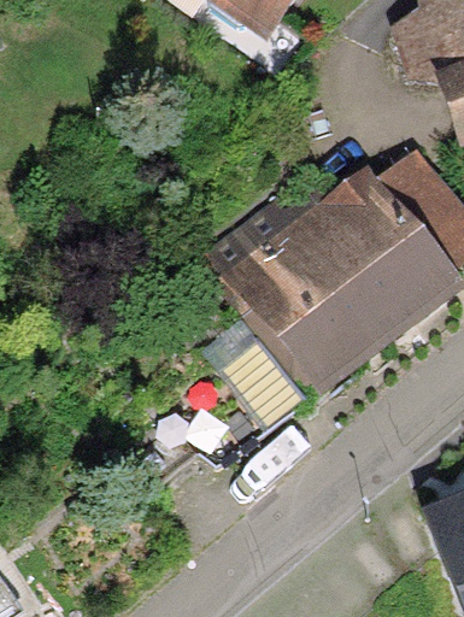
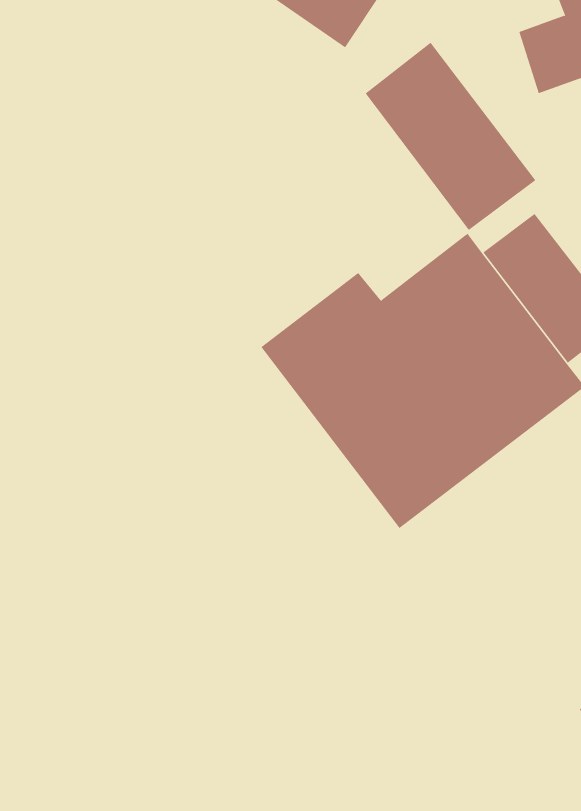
building: none -> [365,42,536,231]

